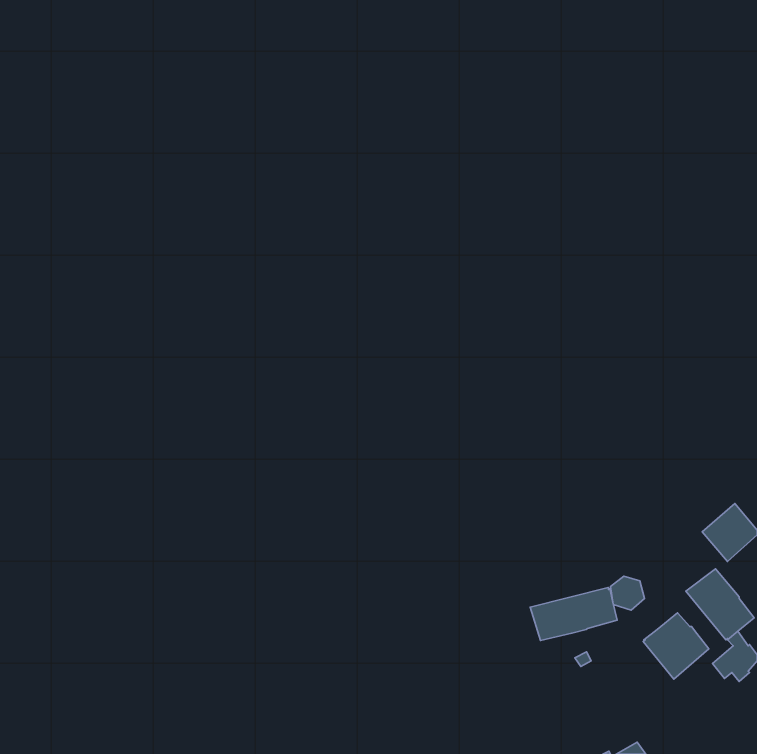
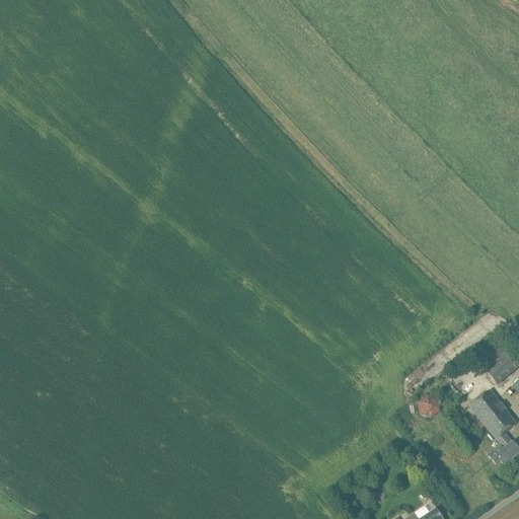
building: [530,588,617,641] -> none
building: [643,613,709,679] -> none

